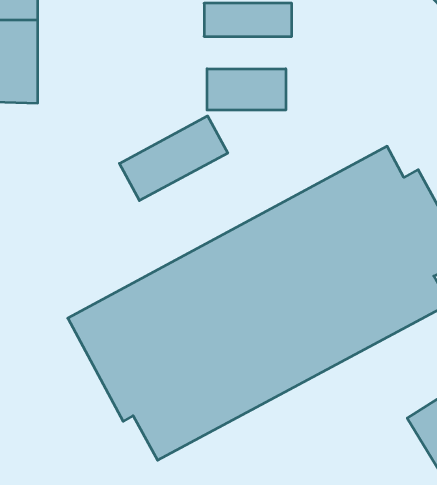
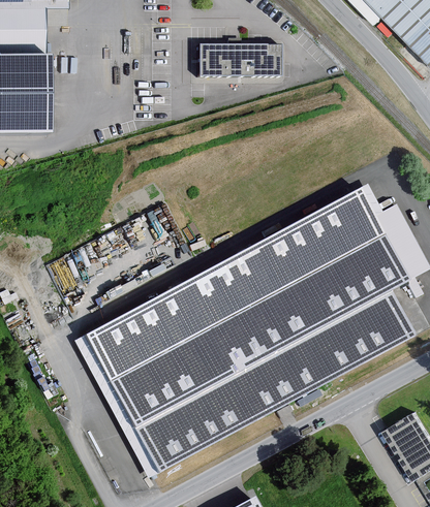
building: [207,69,286,110] -> none
building: [119,116,228,201] -> none

